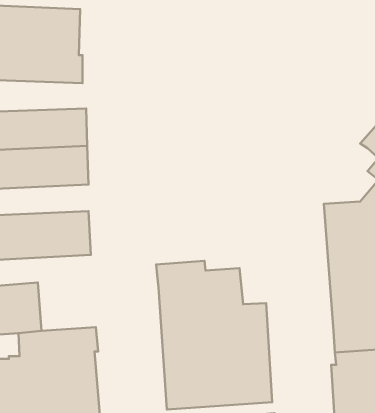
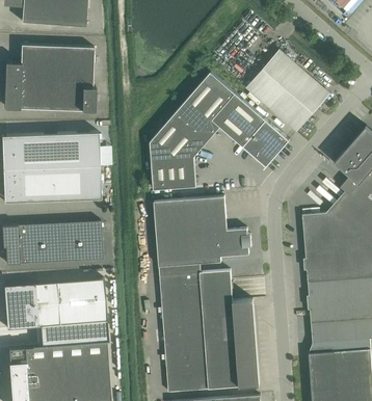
building: none -> [245,50,329,132]
building: none -> [150,73,289,189]
building: none -> [154,196,251,267]
building: none -> [56,278,106,324]

